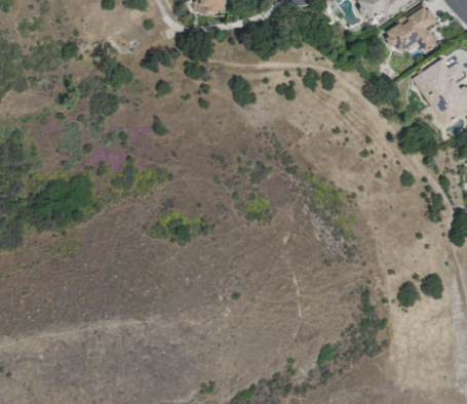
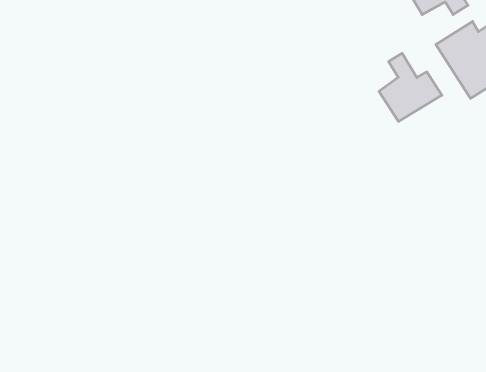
building: none -> [379,53,442,121]

